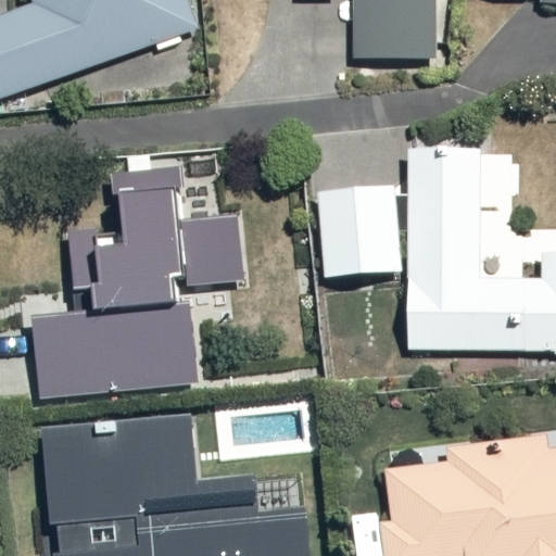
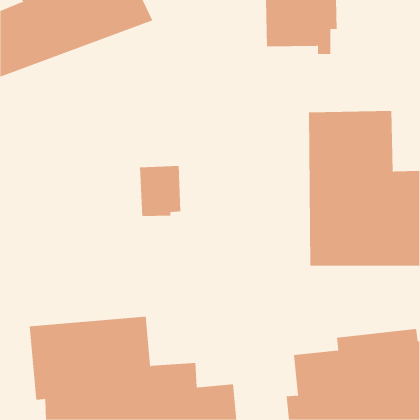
building: [34,169,197,397] -> none
building: [323,185,403,280] -> none

